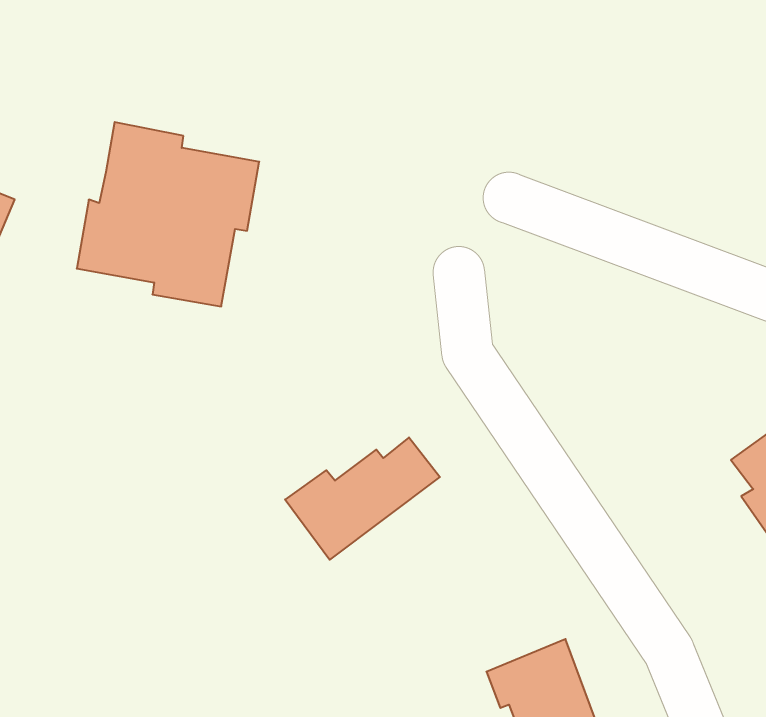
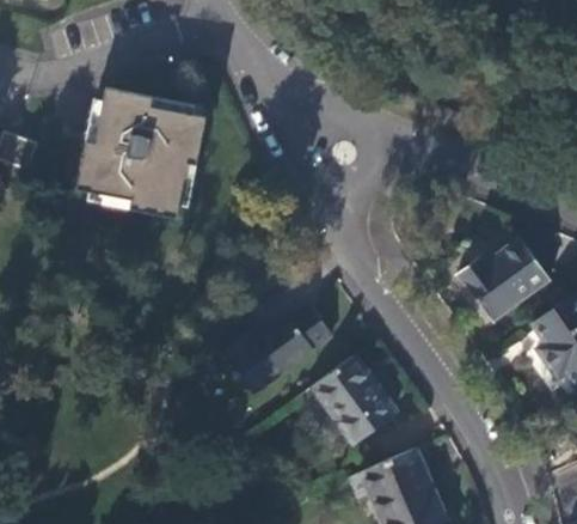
building: none -> [458,238,550,322]
building: none -> [312,357,394,441]

